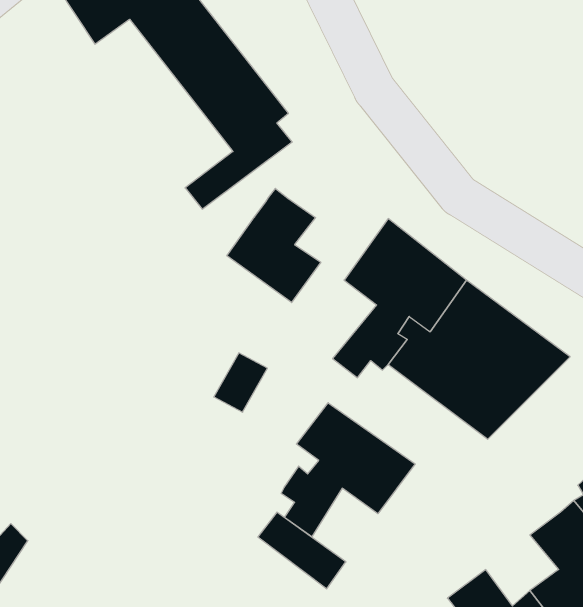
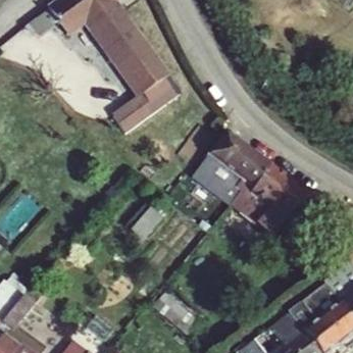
building: [227,188,321,303] -> none
building: [281,403,415,537] -> none

